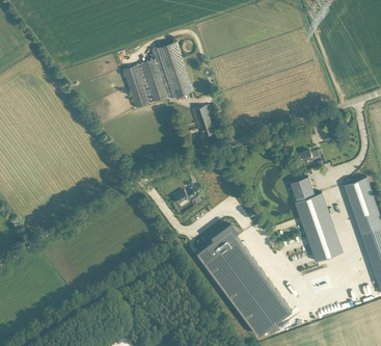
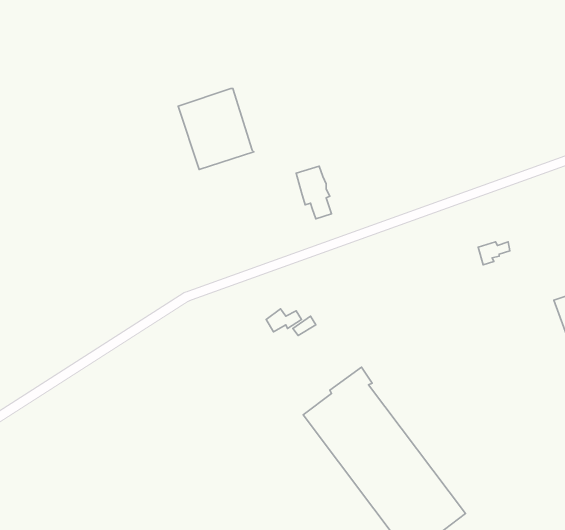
building: [151,41,193,98] -> none
building: [291,177,342,261] -> none

